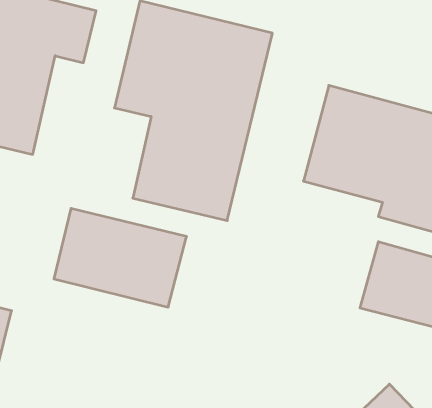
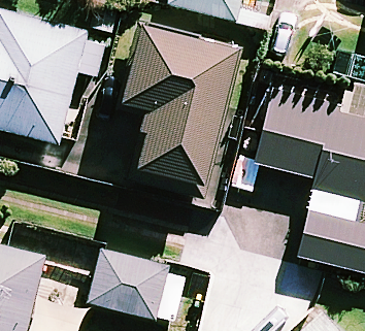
building: [54,208,187,307] -> [90,249,187,321]

